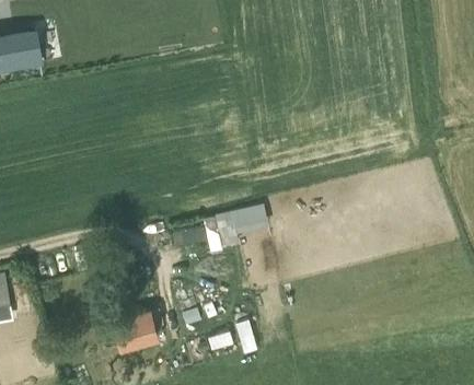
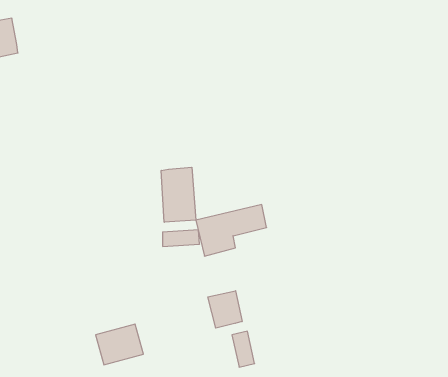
building: none -> [161,167,196,222]
building: none -> [208,291,242,328]

